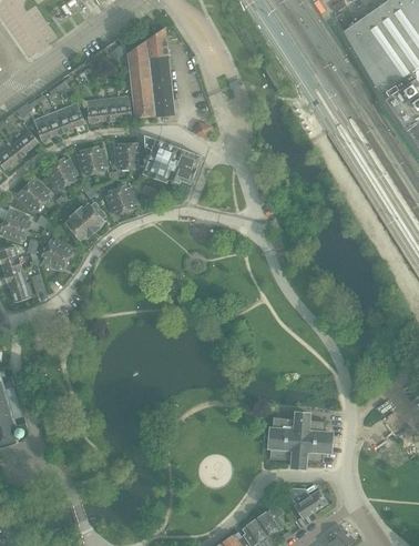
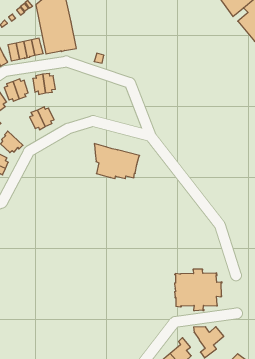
building: [143,134,201,183] -> [94,144,140,179]
building: [75,203,104,232] -> none

